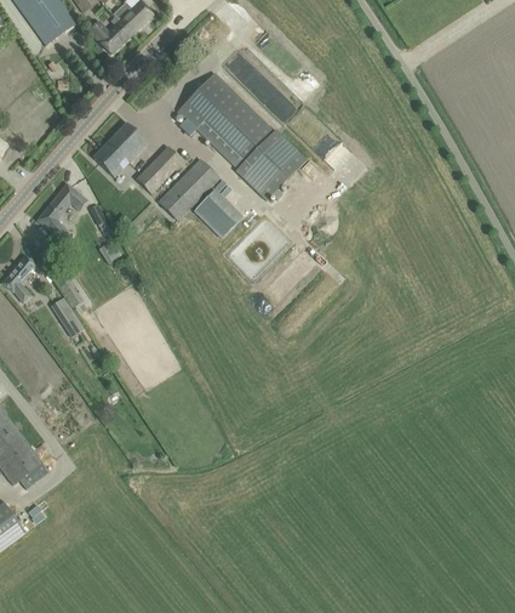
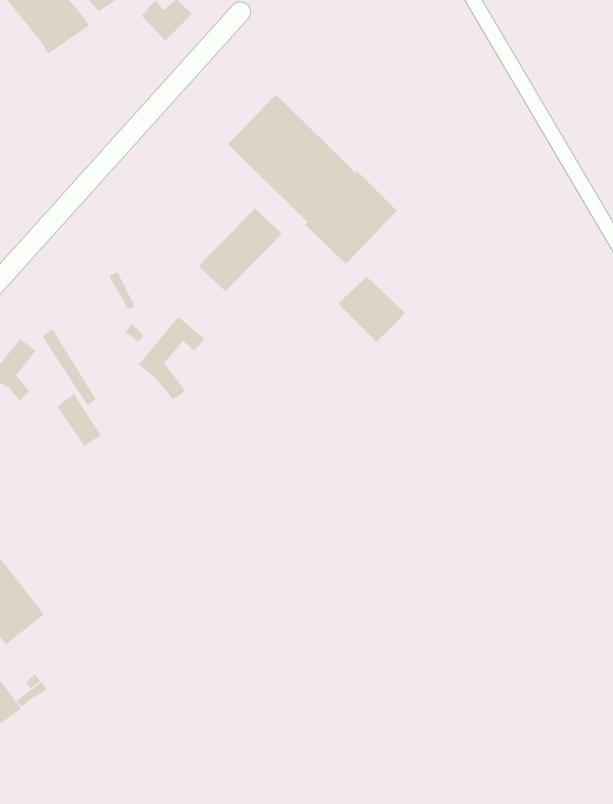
building: [91,15,132,53] -> none
building: [92,123,148,177] -> none
building: [136,146,183,193] -> none
building: [36,183,87,246] -> [137,316,206,401]
building: [190,188,241,238] -> [338,276,406,343]

